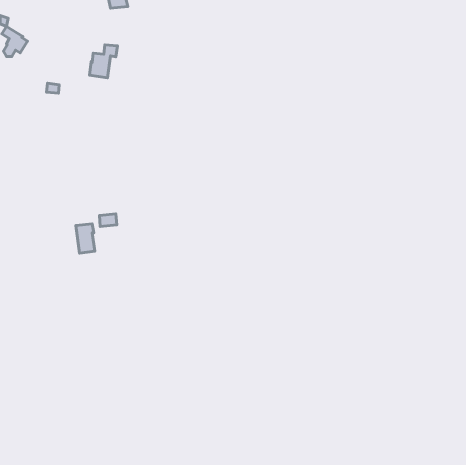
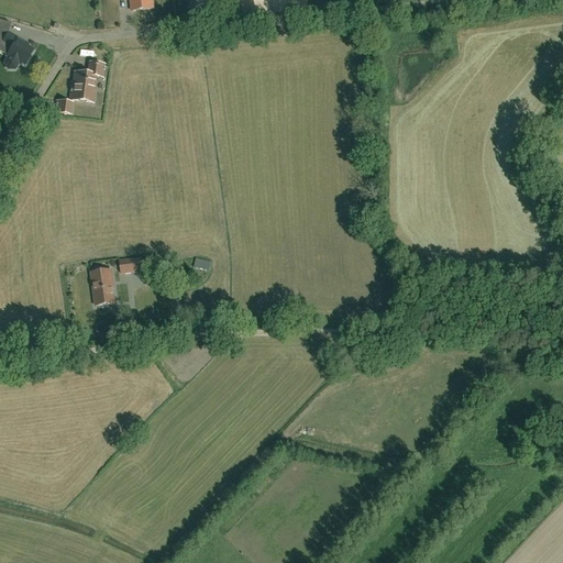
building: [89,45,118,78] -> [70,62,104,101]

